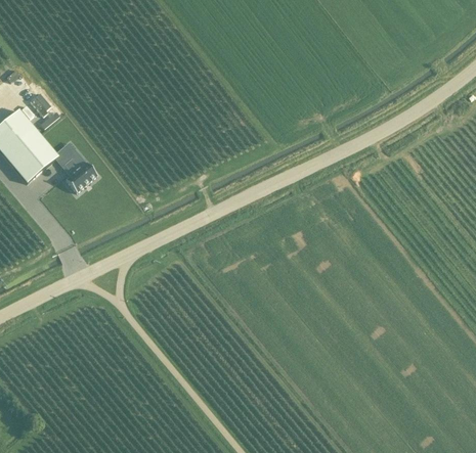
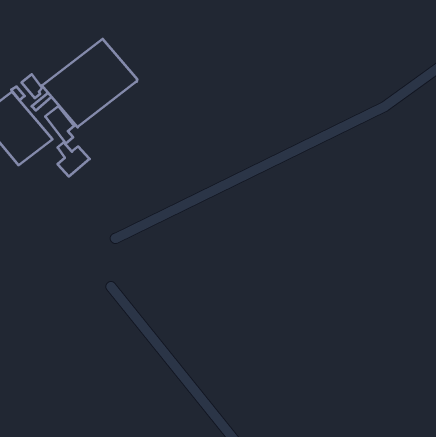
building: none -> [42,39,137,127]

